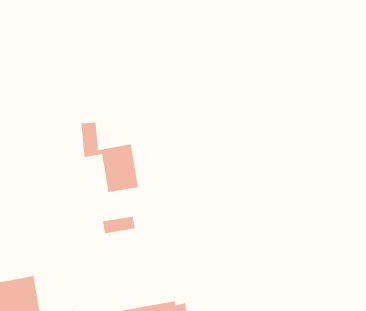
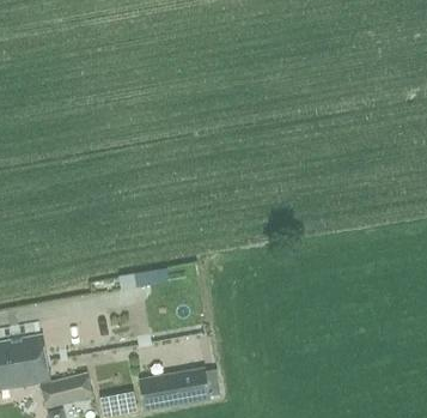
building: [81,122,139,193] -> none

